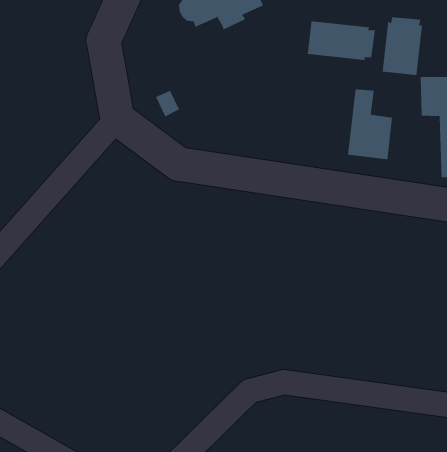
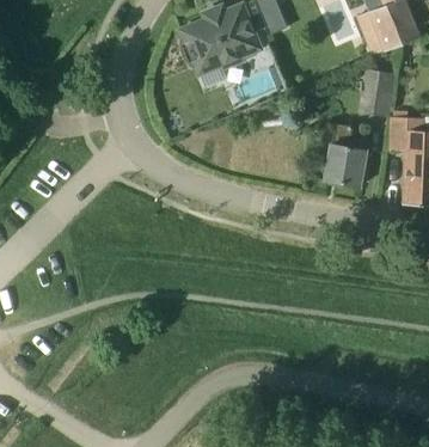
building: [307,20,376,61] -> none

